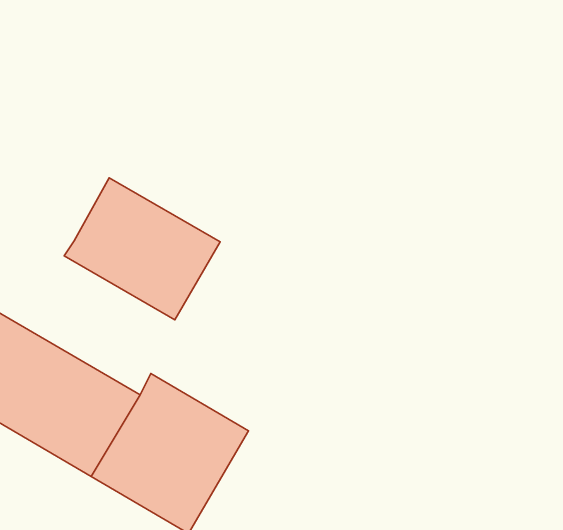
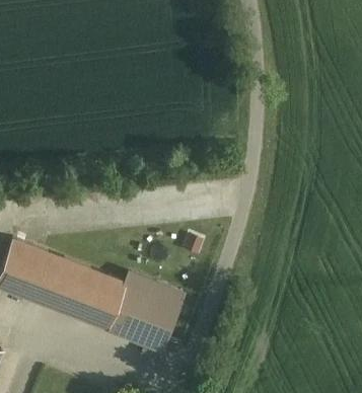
building: [64,178,220,320] -> none

